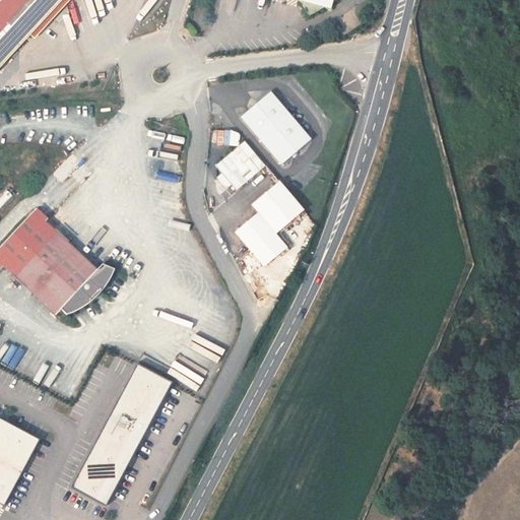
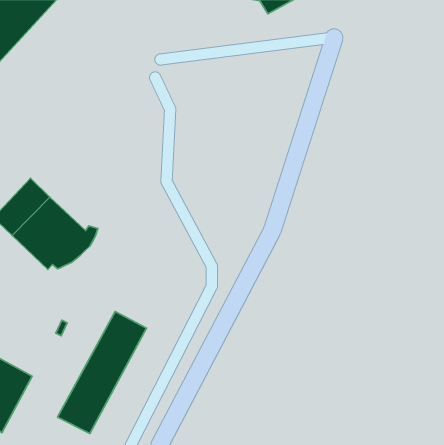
building: [243,90,313,165] -> none
building: [217,143,263,189] -> none
building: [233,181,302,267] -> none

